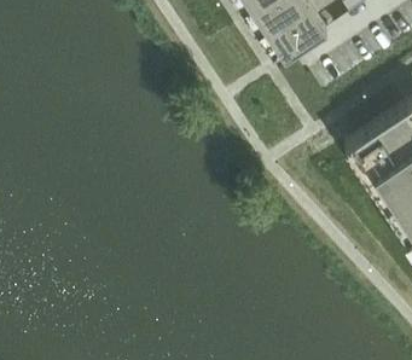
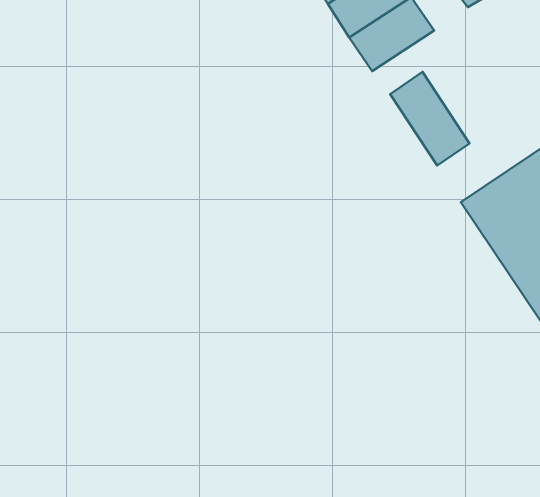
building: none -> [390,72,470,166]

